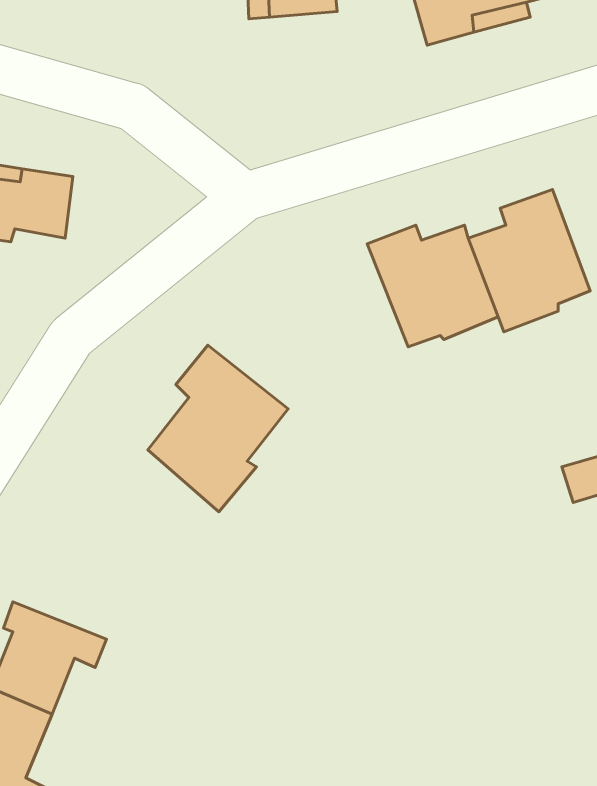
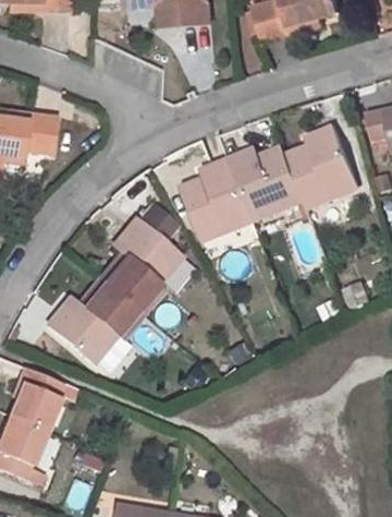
building: none -> [180,157,252,239]
building: none -> [47,277,142,363]

